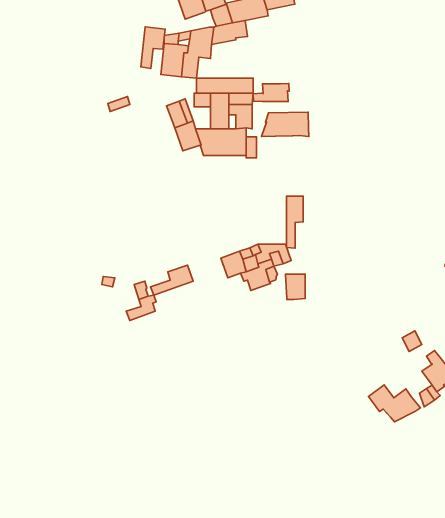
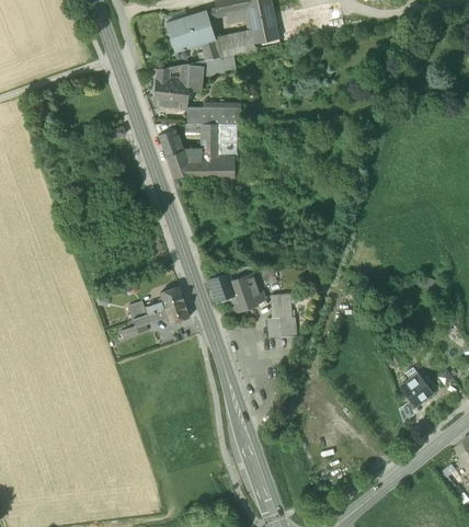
building: [141,27,165,69] -> none
building: [253,83,289,102] -> none
building: [261,112,309,136] -> none
building: [287,196,303,248] -> none
building: none -> [147,301,190,323]
building: none -> [268,317,296,337]
building: [368,385,420,422] -> none

